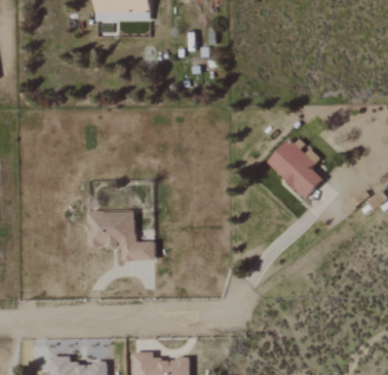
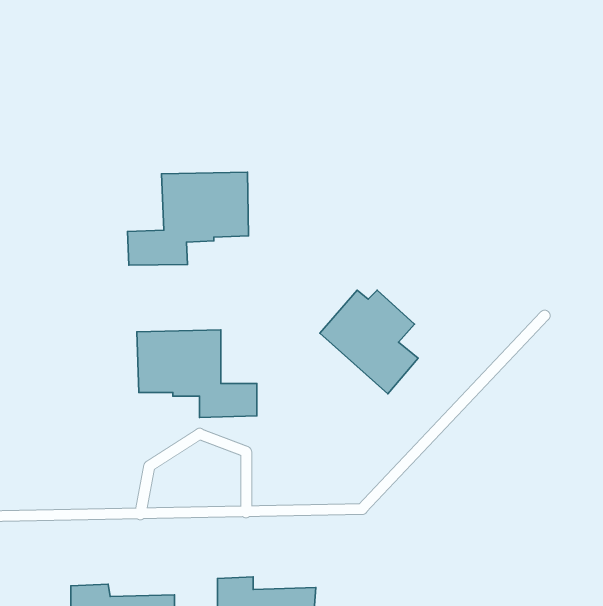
building: none -> [127,172,248,265]
building: [266,139,322,199] -> [320,290,418,394]

